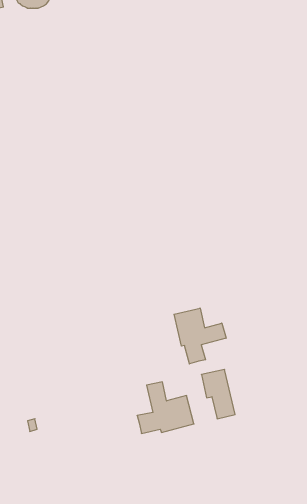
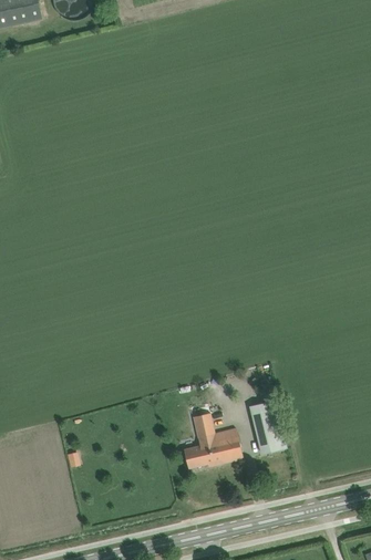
building: [174,308,226,364] -> none

